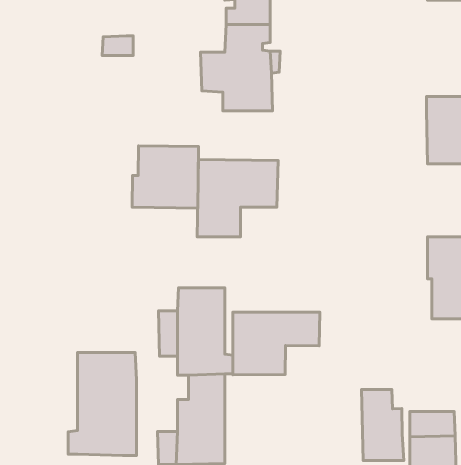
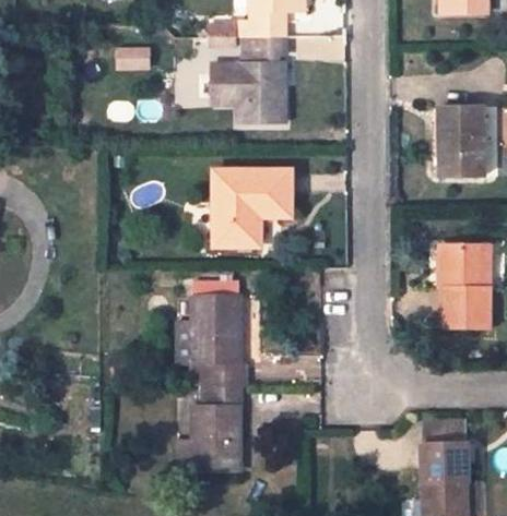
building: [132,146,199,208] -> none
building: [233,312,320,375] -> none
building: [68,352,137,455] -> none
building: [361,389,404,460] -> none

